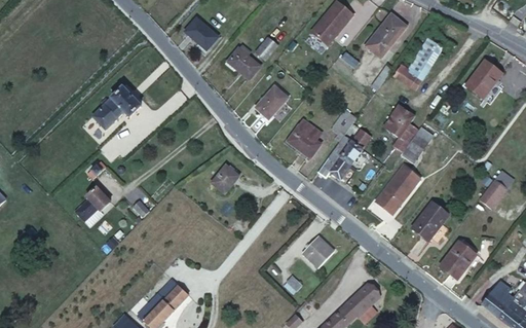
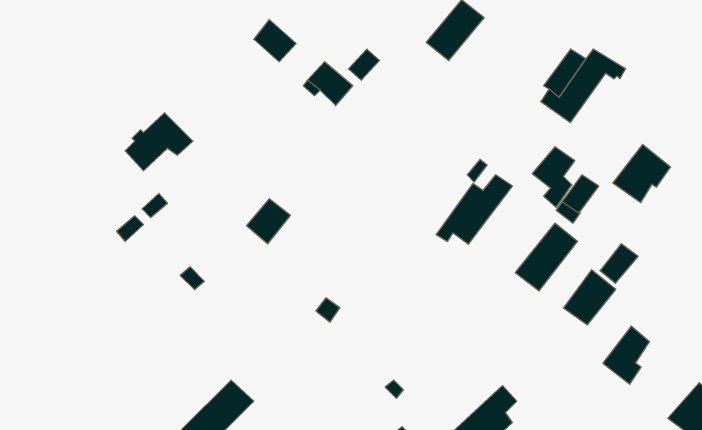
building: [372,15,404,49] -> none
building: [461,62,503,104] -> [613,145,671,203]
building: [257,84,287,117] -> none
building: [290,116,325,157] -> none
building: [209,165,240,197] -> [247,199,290,244]
building: [477,184,504,213] -> [600,244,638,283]
building: [76,186,109,217] -> none
building: [303,236,334,267] -> none

